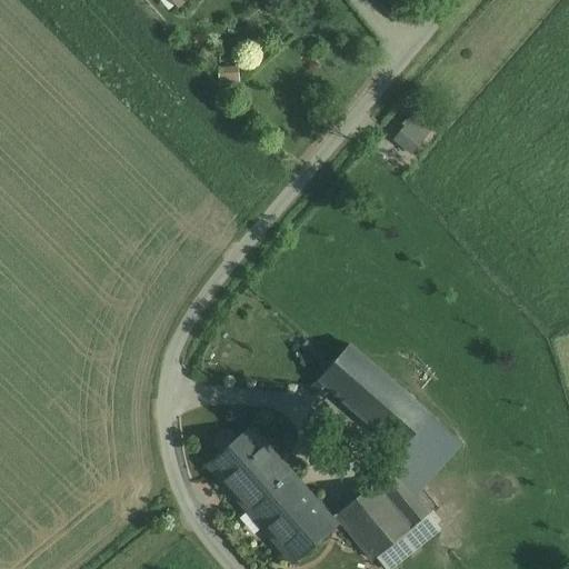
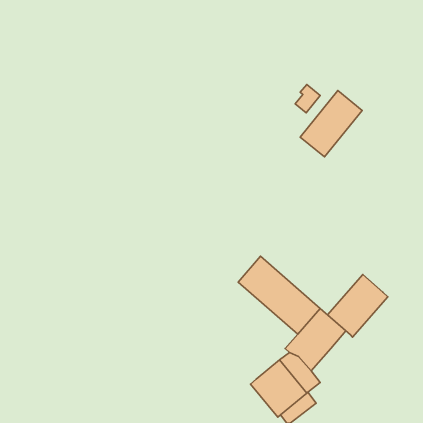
building: none -> [300,91,362,157]
building: none -> [328,275,388,337]
building: [209,429,333,560] -> none

